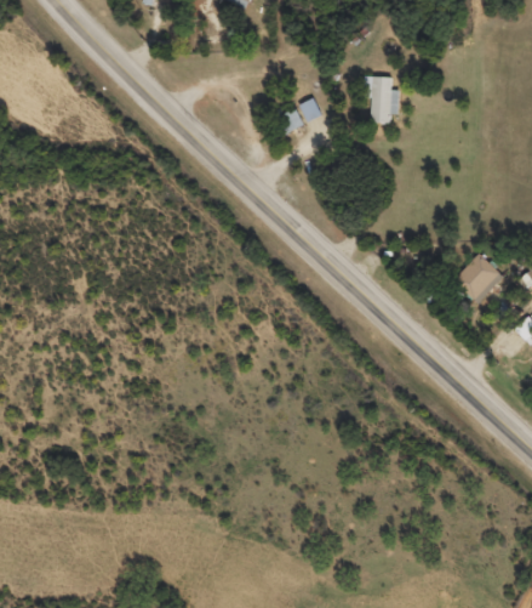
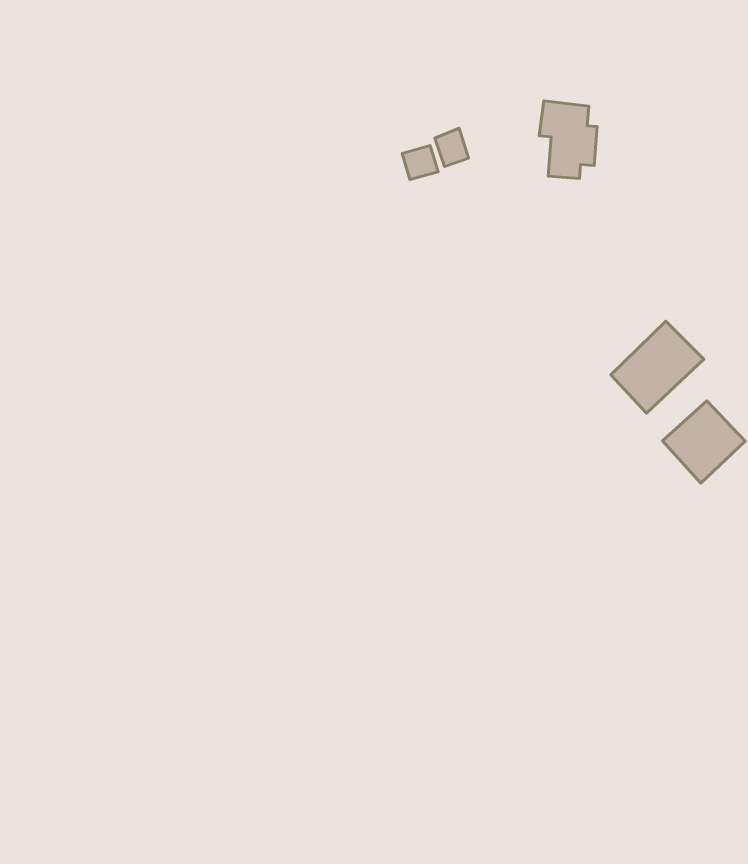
building: none -> [611,321,704,413]

